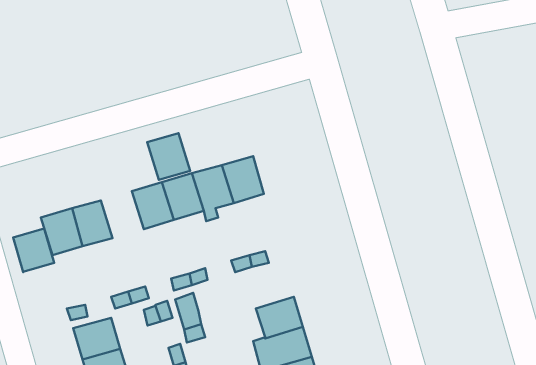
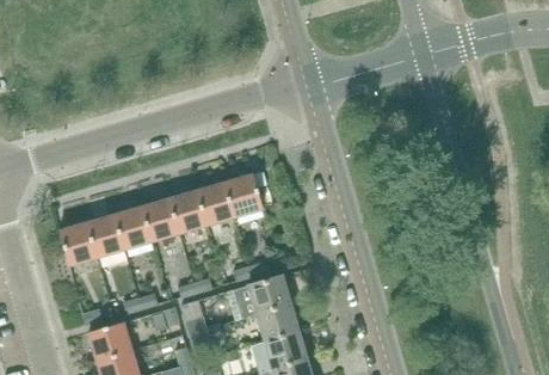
building: [147,133,190,180] -> [113,207,153,250]
building: [13,228,54,272] -> none
building: none -> [236,276,290,316]

